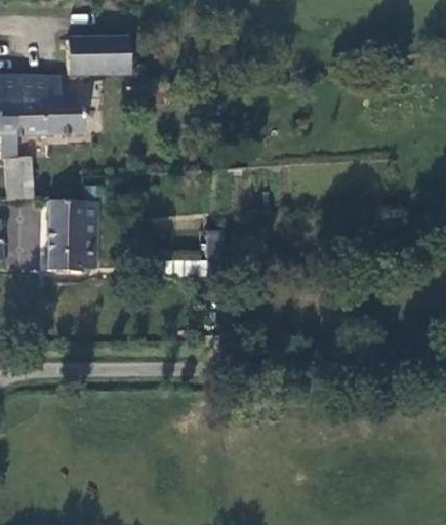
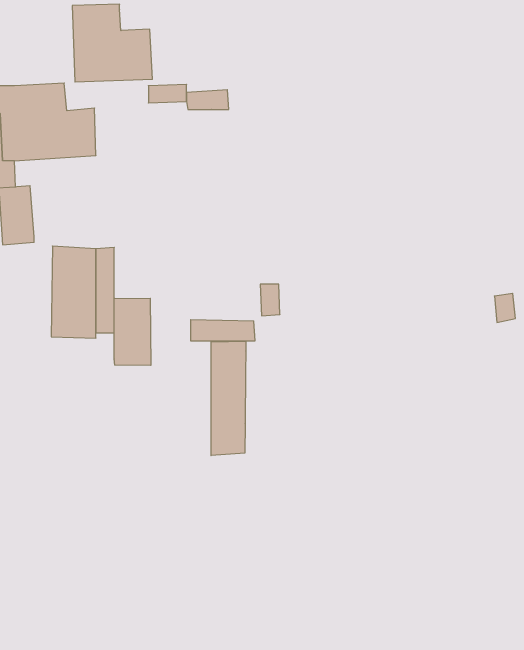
building: none -> [114,298,151,365]
building: none -> [211,341,246,456]

